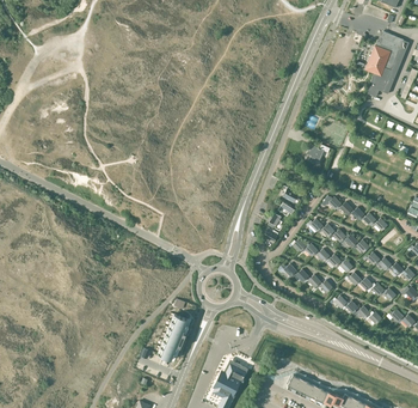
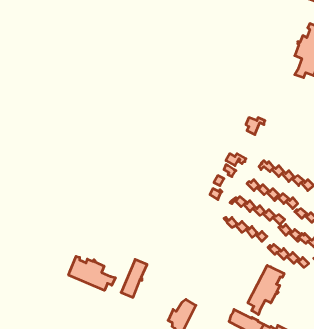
building: none -> [69,256,115,290]
building: none -> [248,265,284,315]

